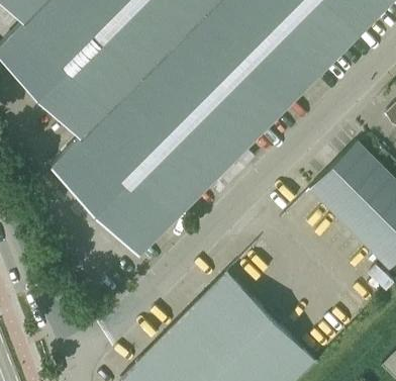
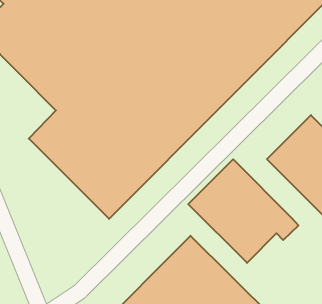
building: none -> [188,159,298,263]

